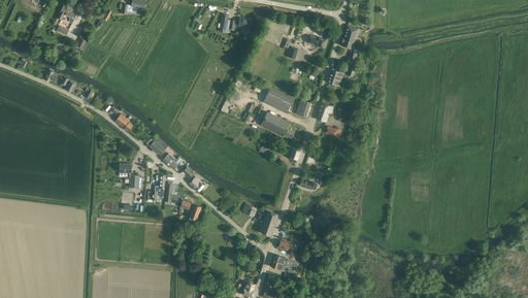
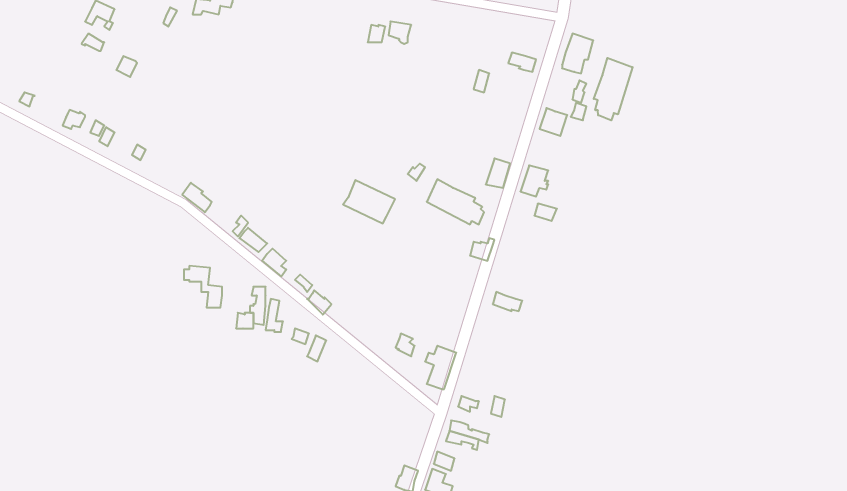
building: none -> [594,58,633,120]
building: [263,87,294,112] -> [343,180,395,223]

